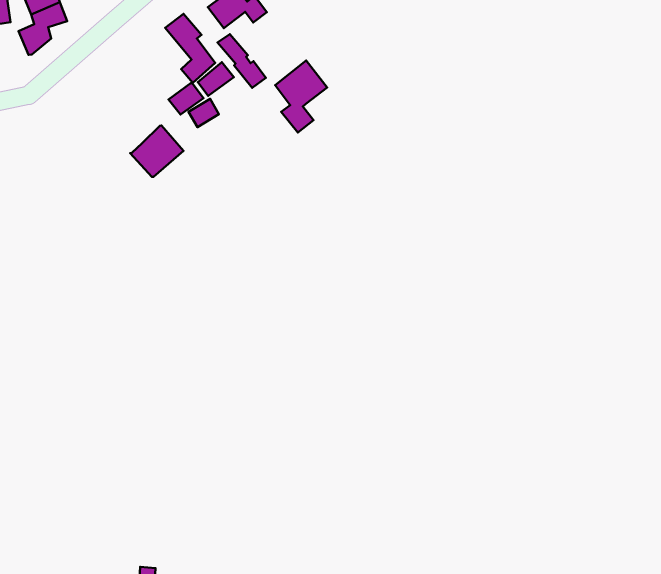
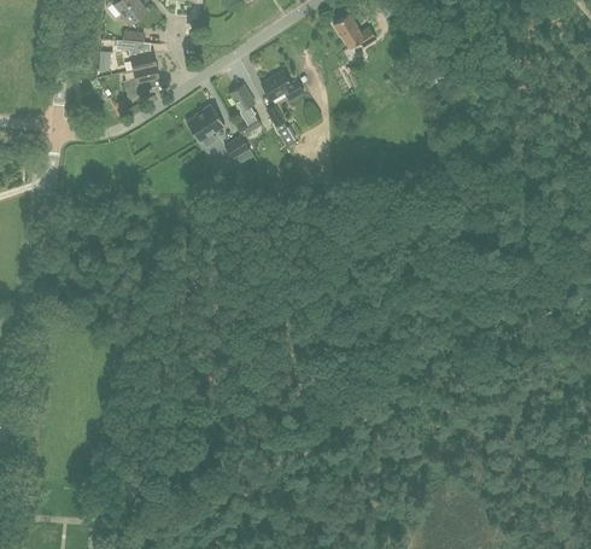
building: [275,61,327,133] -> none
building: [130,125,183,177] -> [186,103,224,139]

